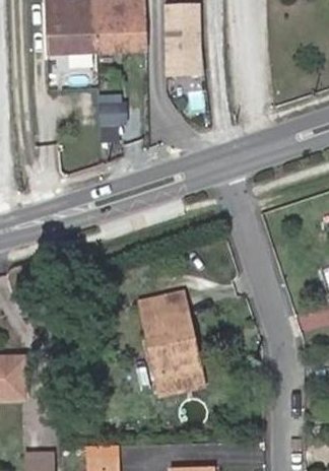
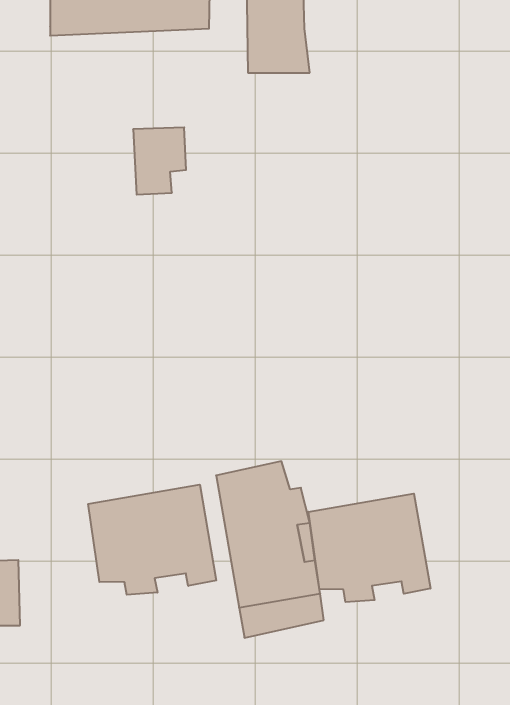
building: none -> [88,485,216,595]
building: none -> [308,494,430,602]

